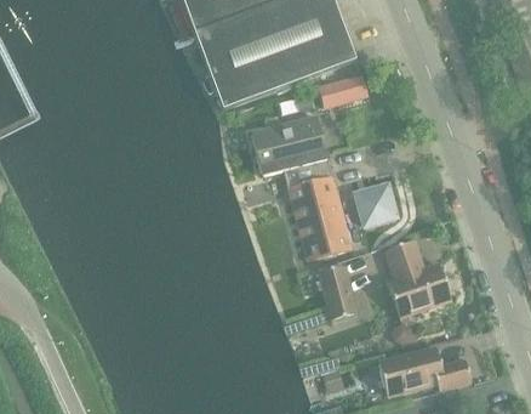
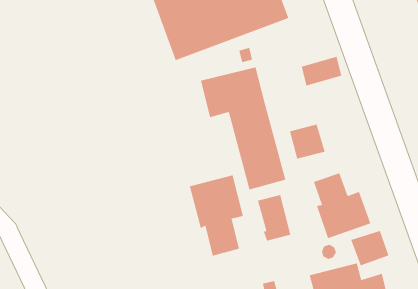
building: [320,73,369,108] -> [301,56,342,86]
building: none -> [189,175,244,256]
building: none -> [351,230,389,266]

